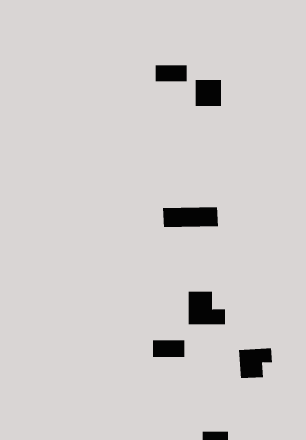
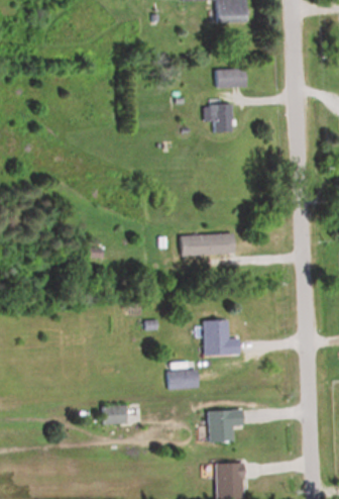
building: [155,65,187,82] -> [216,69,249,86]
building: [238,348,273,379] -> [207,409,242,440]
building: none -> [100,406,129,423]

